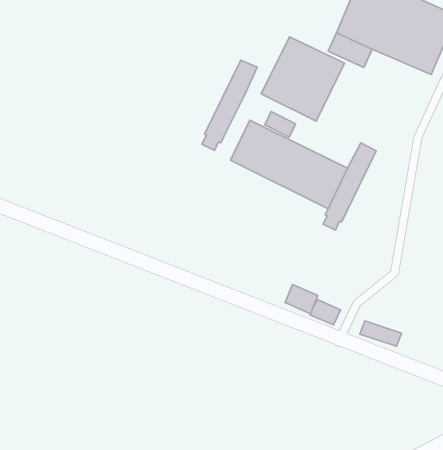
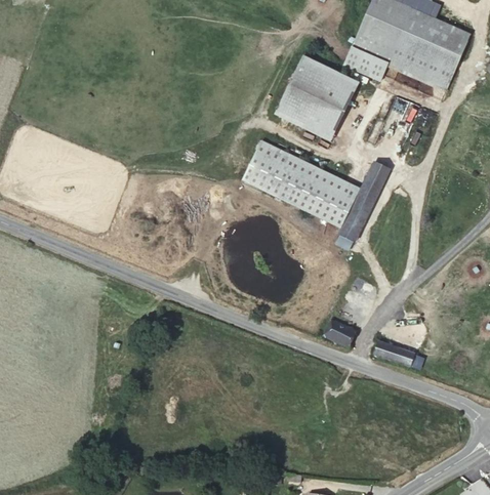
building: [202,60,257,150] -> none
building: [265,112,295,137] -> none
building: [285,285,318,314] -> none

